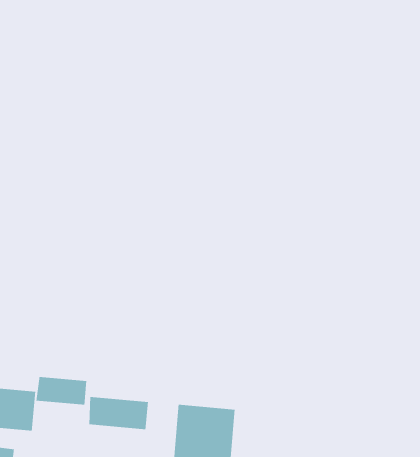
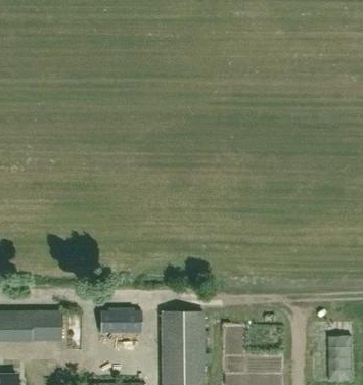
building: [35,376,87,406] -> none

